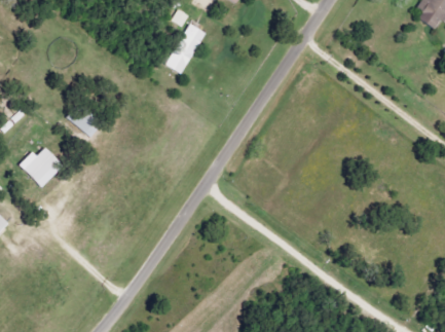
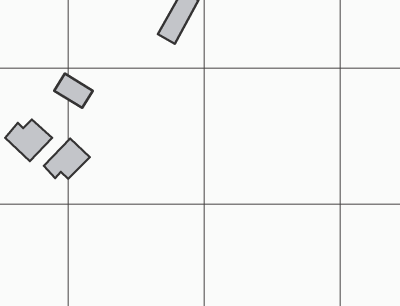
building: none -> [44,138,90,179]

